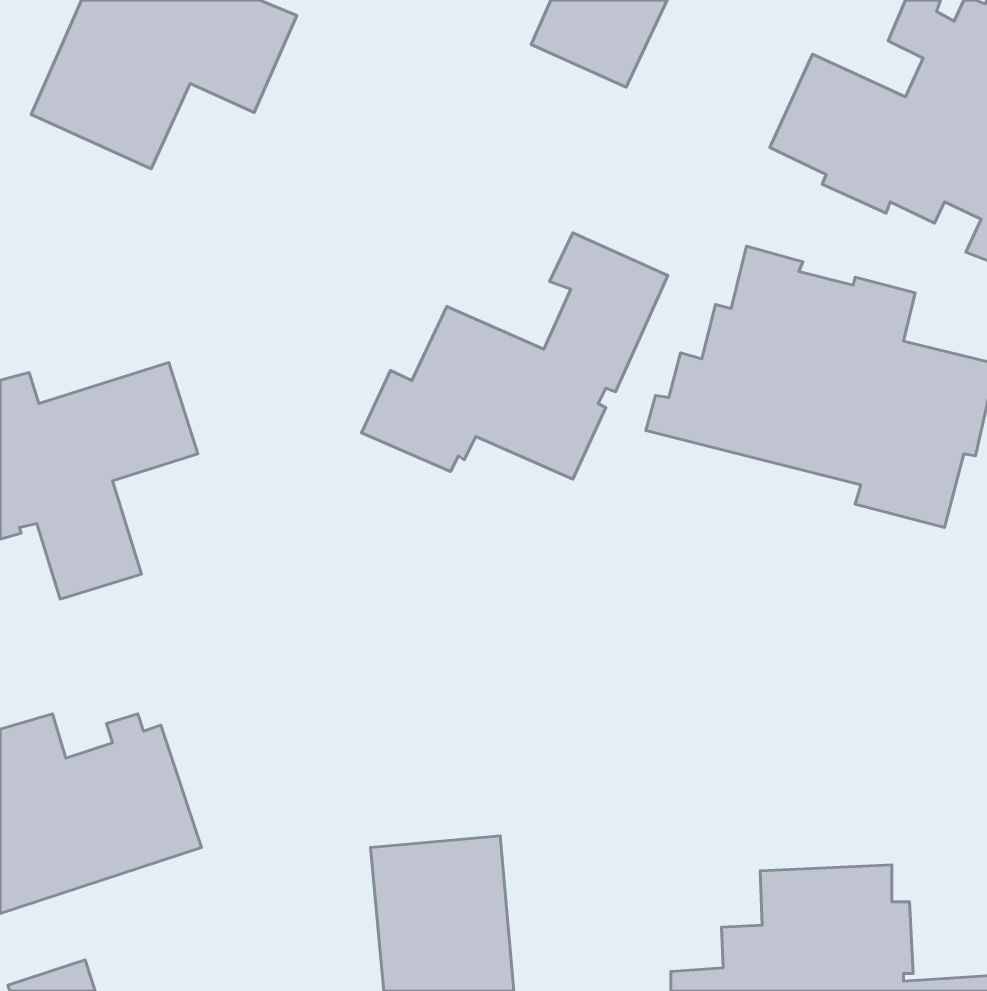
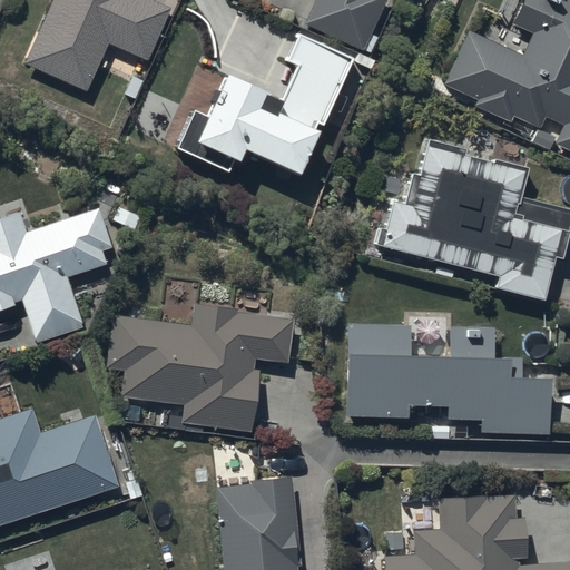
building: [361,233,668,479] -> [177,33,353,175]
building: none -> [107,306,293,432]
building: none -> [346,325,548,434]

